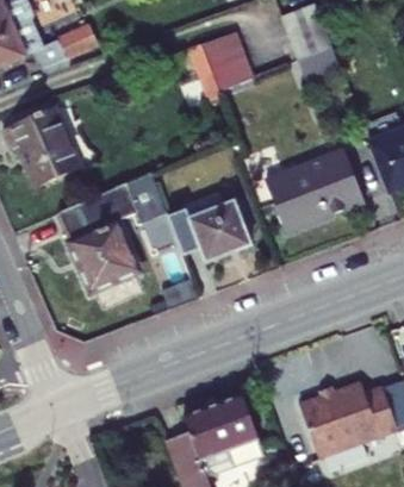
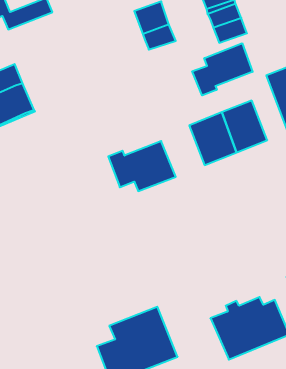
building: none -> [192,43,253,95]
building: [61,173,168,291] -> none

